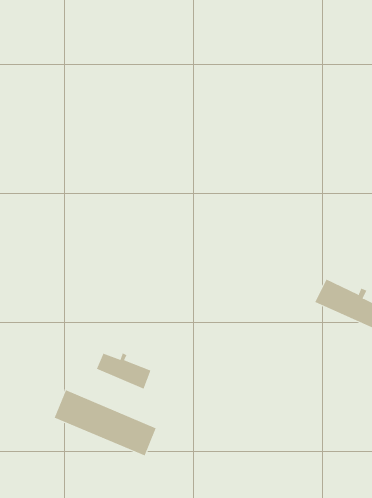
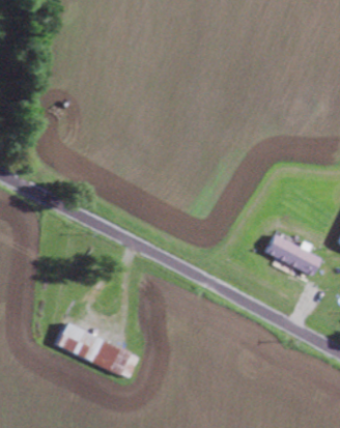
building: [96,353,151,389] -> none

